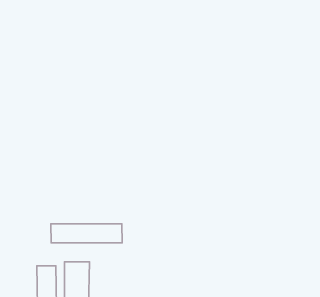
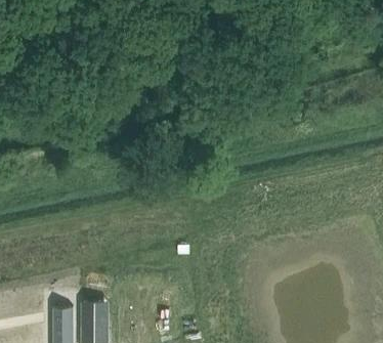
building: [51,224,122,243] -> none

